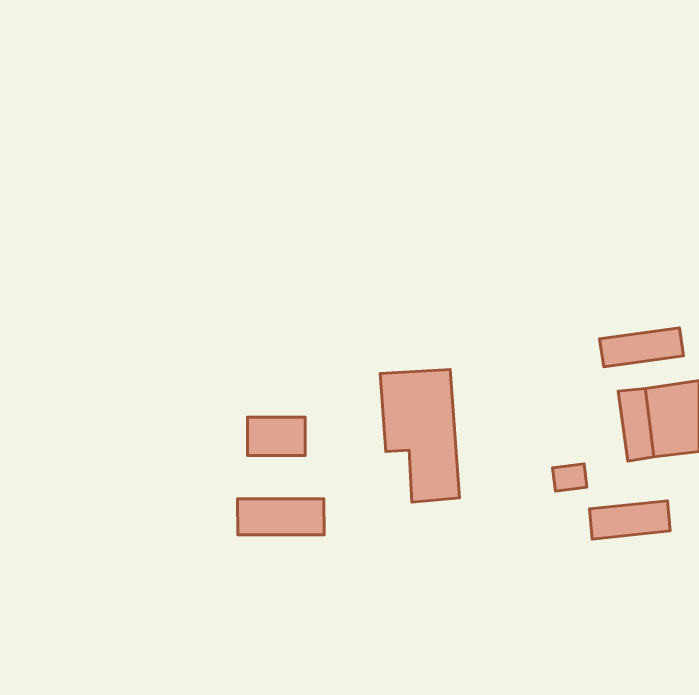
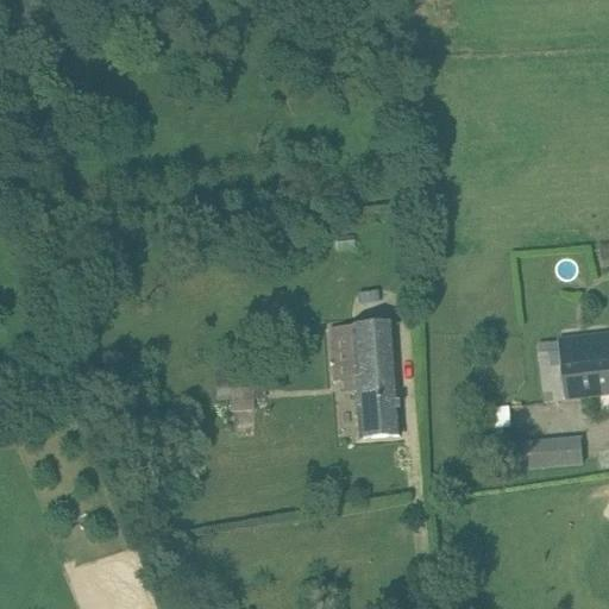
building: [600,328,684,367] -> none
building: [238,499,324,535] -> none

